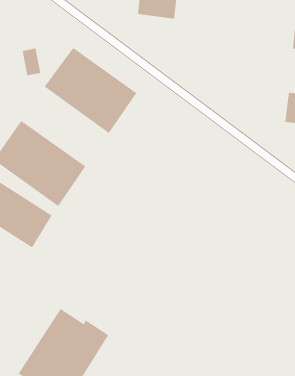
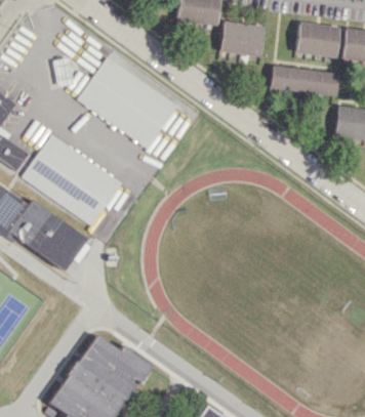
building: none -> [220,22,265,57]
building: none -> [296,23,340,57]
building: none -> [270,67,338,96]

